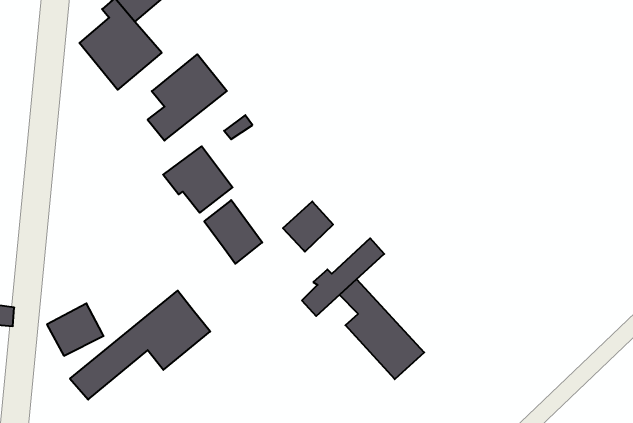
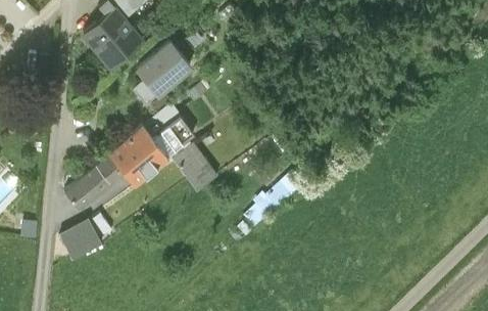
building: [283,201,333,252] -> none
building: [340,279,424,379] -> none
building: [70,291,210,400] -> [66,128,167,207]

